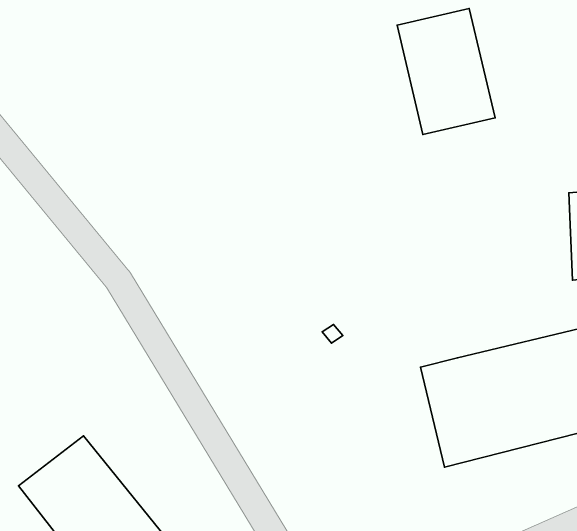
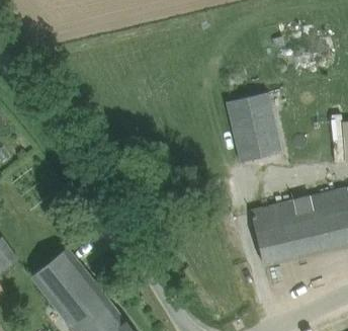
building: [397,9,495,135] -> [228,92,281,161]

